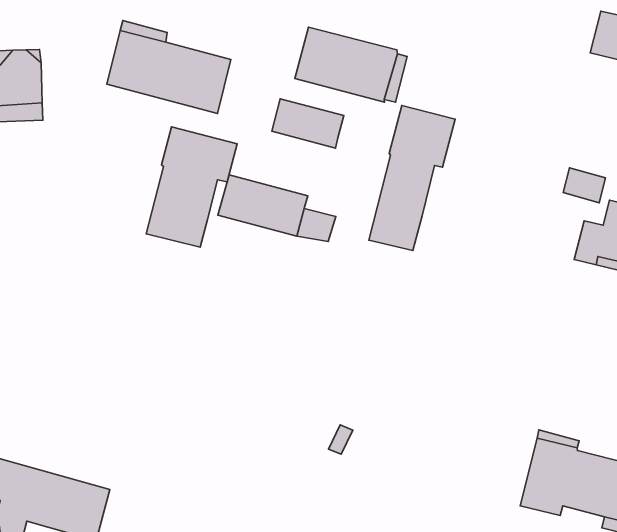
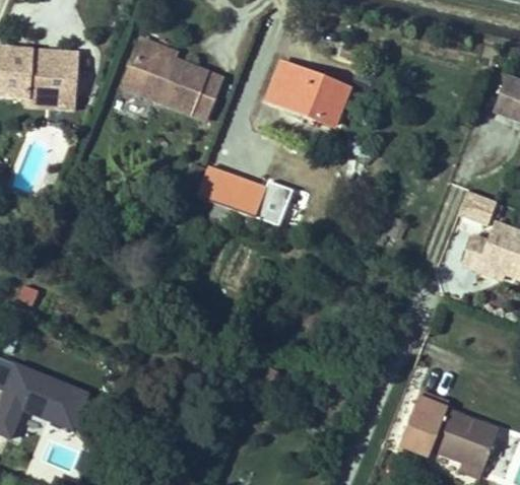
building: [272,99,344,148] -> none
building: [369,106,455,251] -> none
building: [146,127,237,247] -> none

